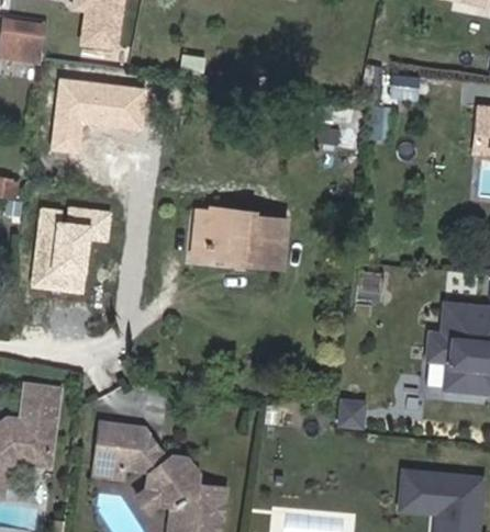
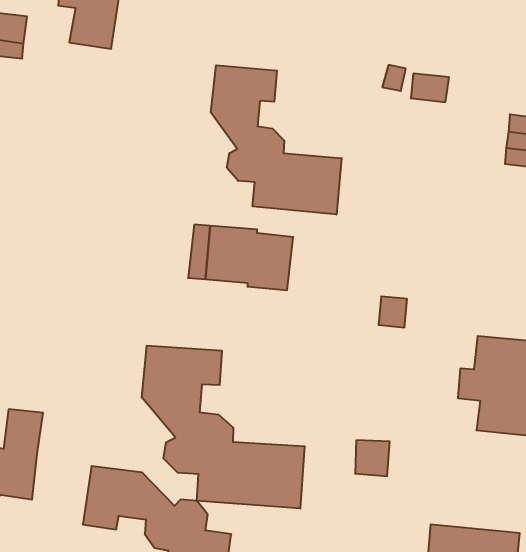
building: none -> [211,65,342,215]
building: [49,79,148,156] -> none
building: [31,206,113,296] -> none
building: none -> [142,346,305,509]

